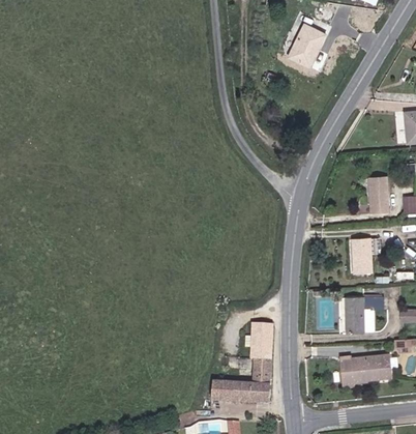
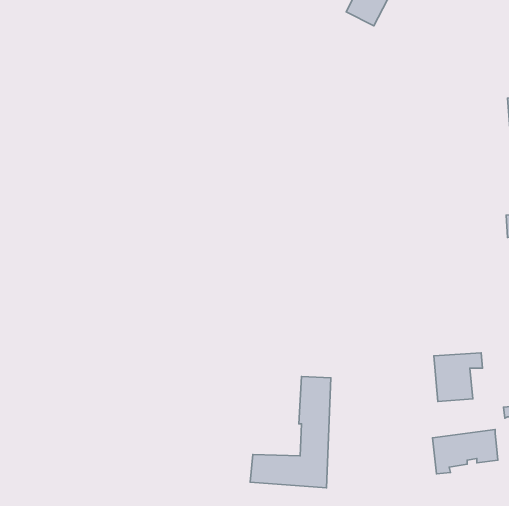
building: [367,179,387,214] -> none
building: [354,242,373,277] -> none

